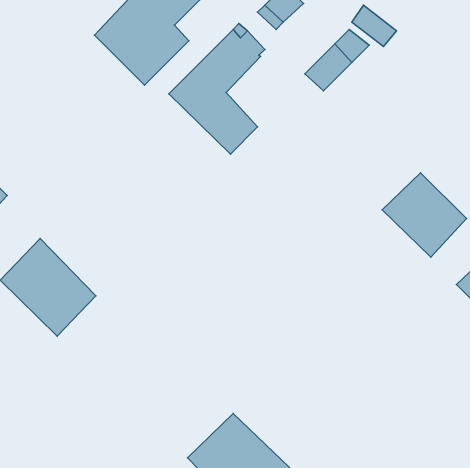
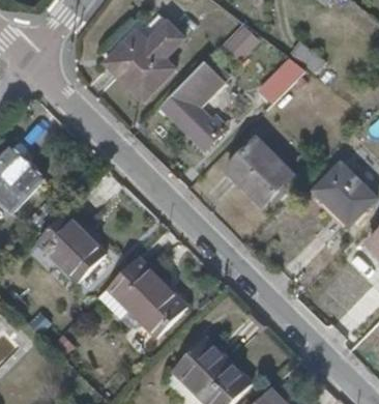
building: none -> [224,137,292,206]
building: none -> [97,256,186,336]

